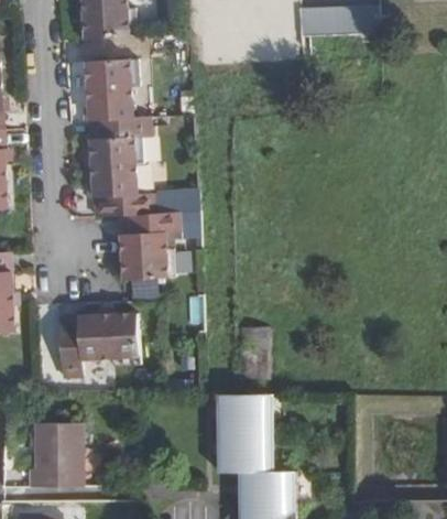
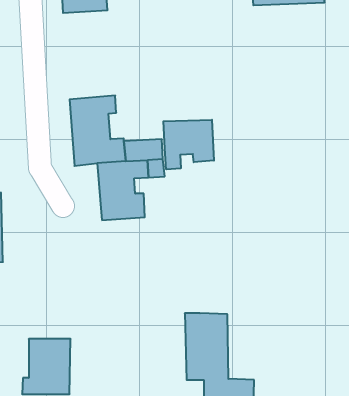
building: [83,61,145,143] -> none
building: none -> [163,120,214,169]
building: [61,313,144,379] -> none

